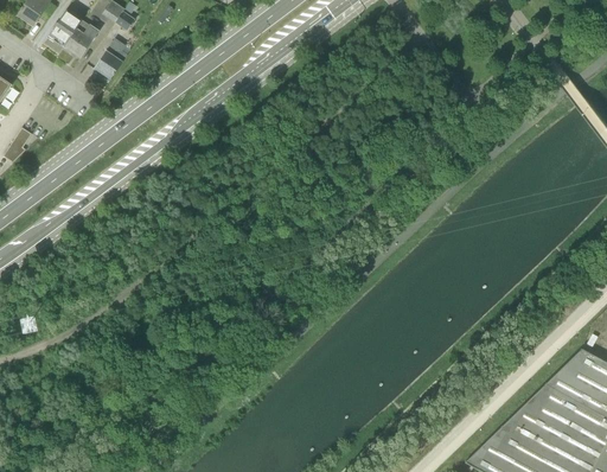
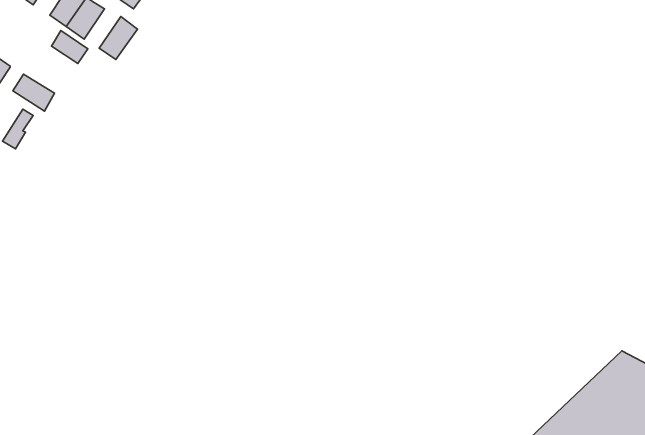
building: none -> [51,30,88,64]
building: none -> [13,74,54,111]

